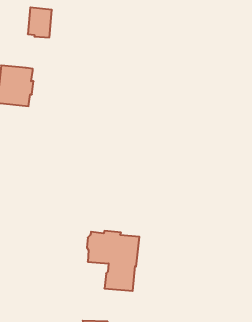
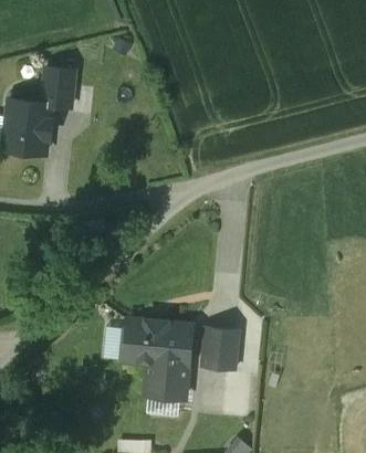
building: [28,7,52,37] -> [42,69,74,108]
building: none -> [202,329,238,370]

